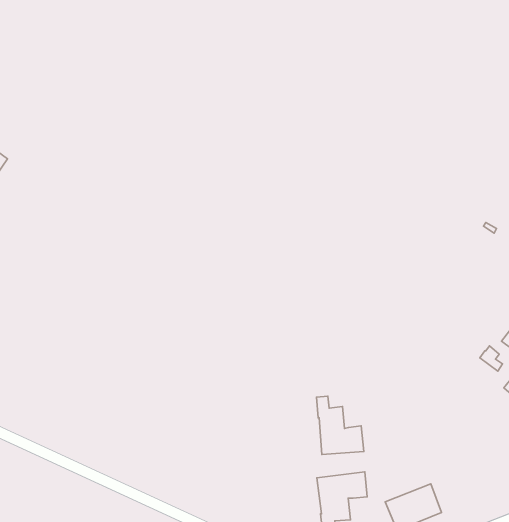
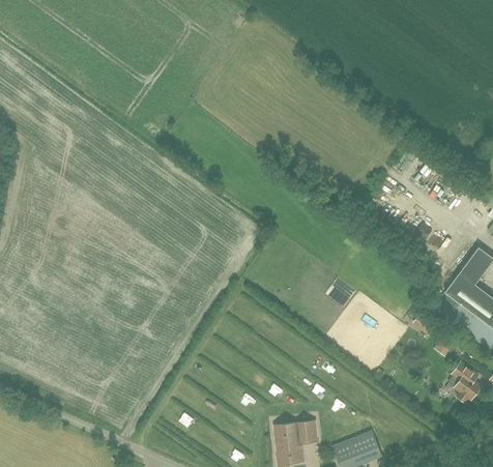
building: [316,396,364,454] -> none

